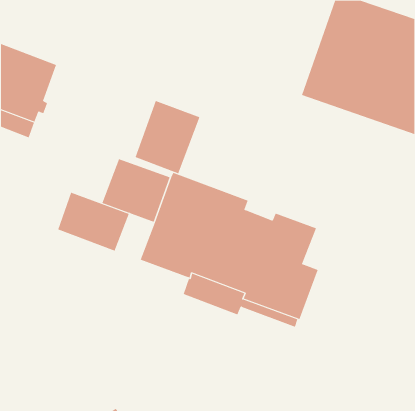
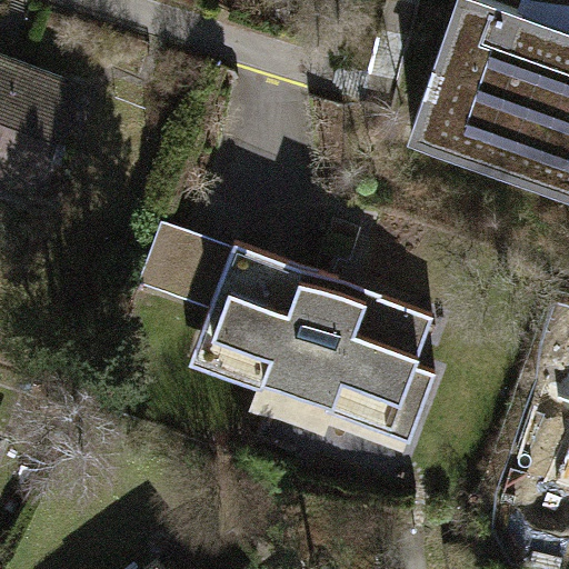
building: [135,100,200,174] -> none
building: [57,192,130,251] -> none

